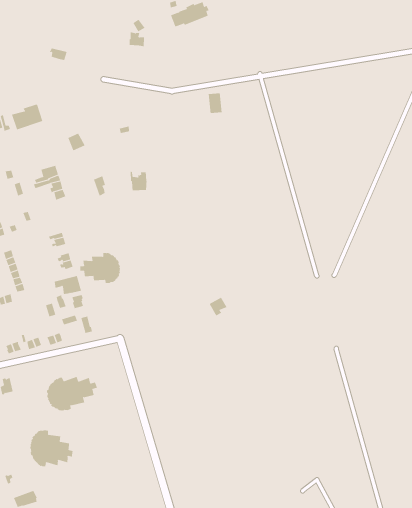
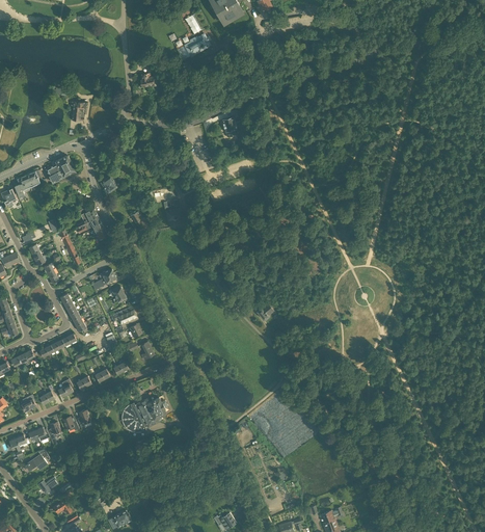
building: [80,252,121,284] -> none
building: [30,429,73,467] -> none

